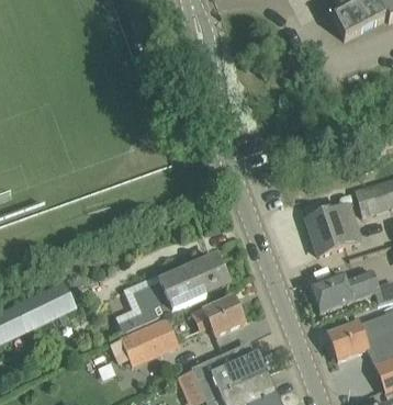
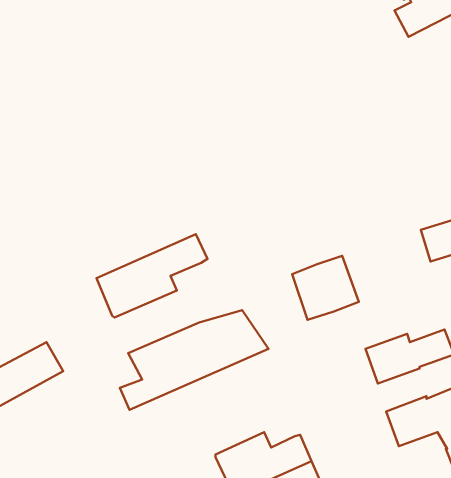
building: none -> [96,234,207,317]
building: [308,204,361,255] -> [292,256,359,320]
building: [195,295,247,335] -> none
building: [121,317,176,359] -> none

